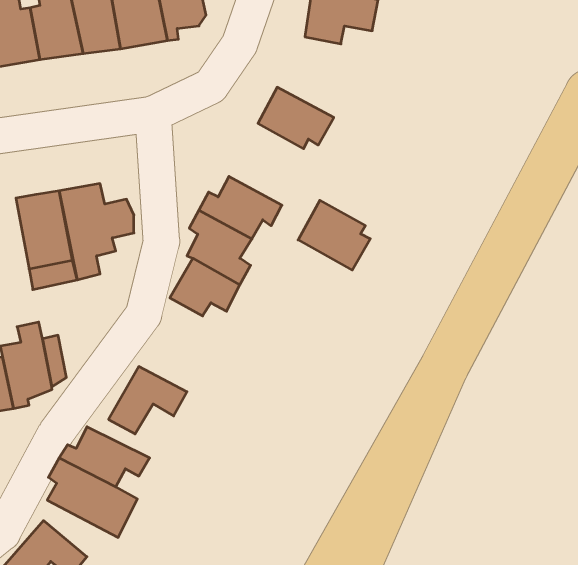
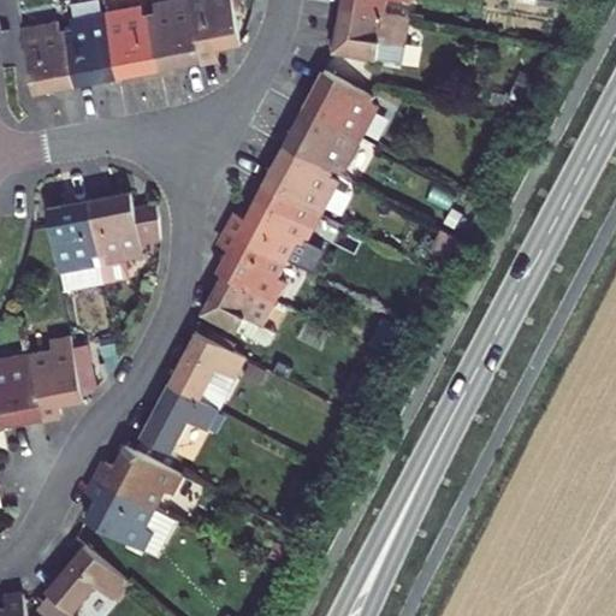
building: none -> [308,72,377,132]
building: [298,200,370,270] -> [267,138,339,208]
building: none -> [170,331,243,407]

